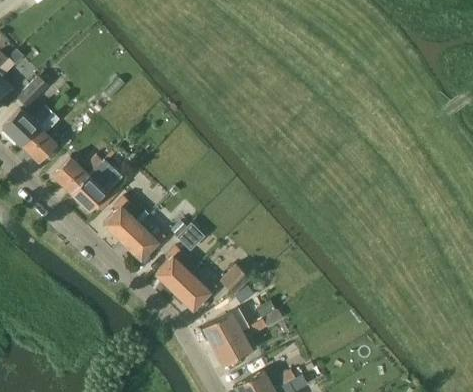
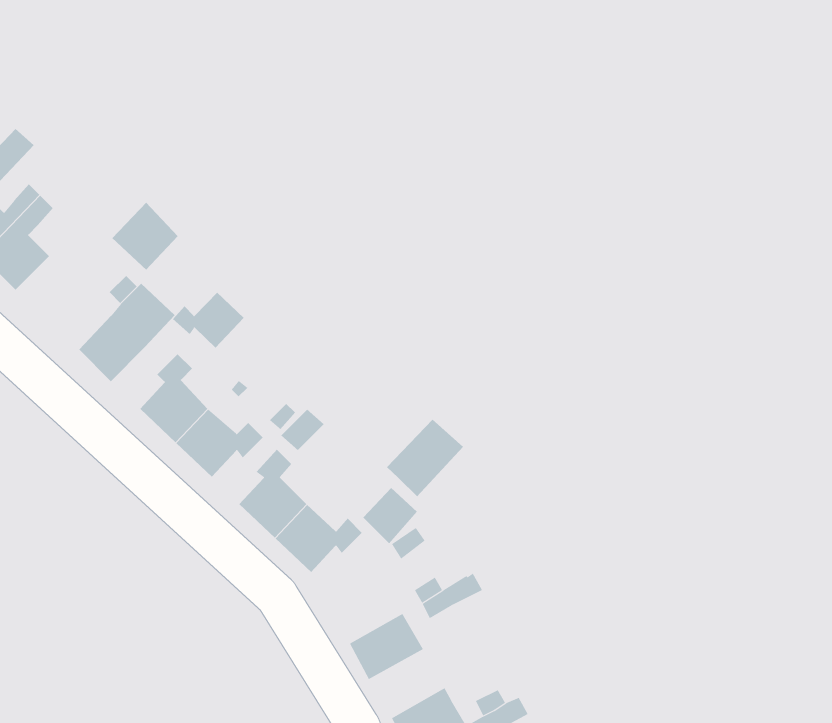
building: [54,158,89,194] -> [112,202,178,271]
building: none -> [172,292,244,348]
building: none -> [386,419,464,497]
building: [203,313,242,348] -> none

